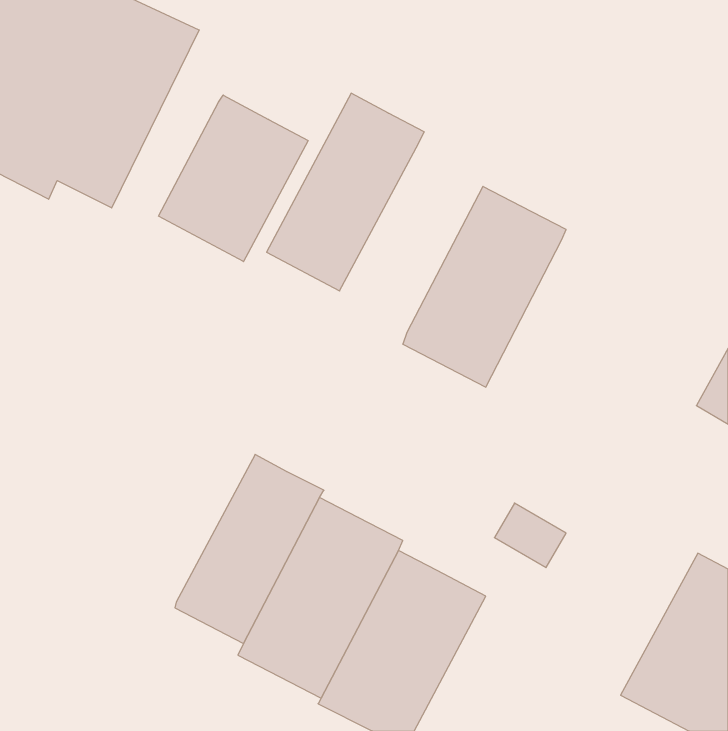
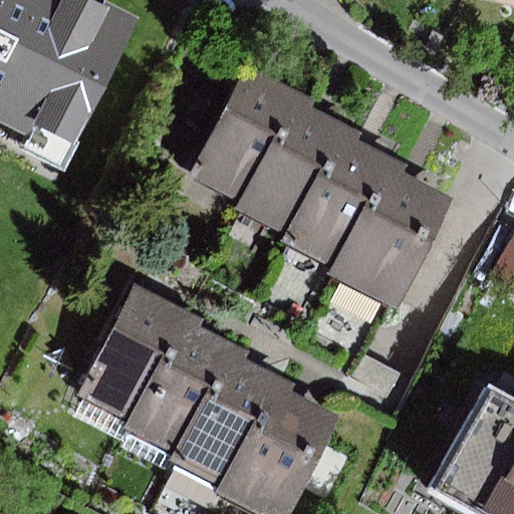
building: [159,95,308,262] -> none
building: none -> [237,100,342,233]
building: none -> [337,168,456,307]
building: none -> [72,283,183,422]

